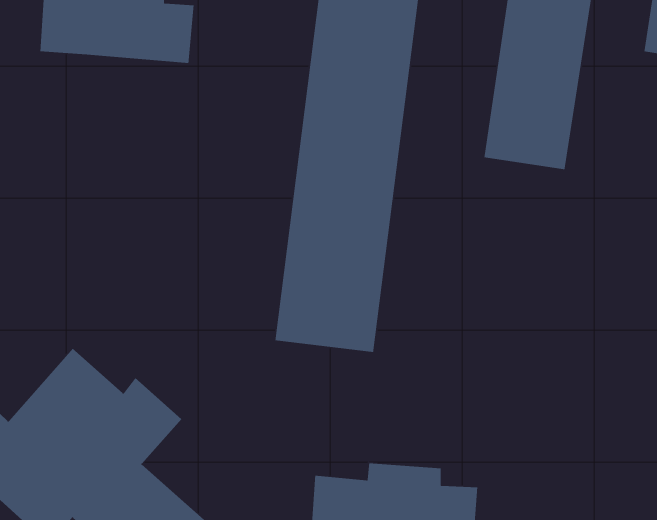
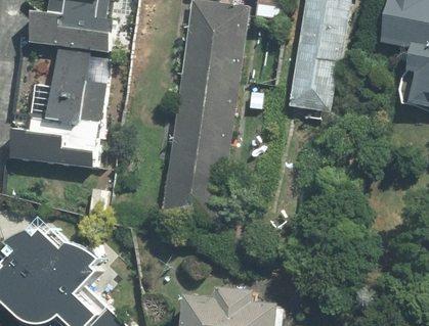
building: none -> [9,51,104,168]

